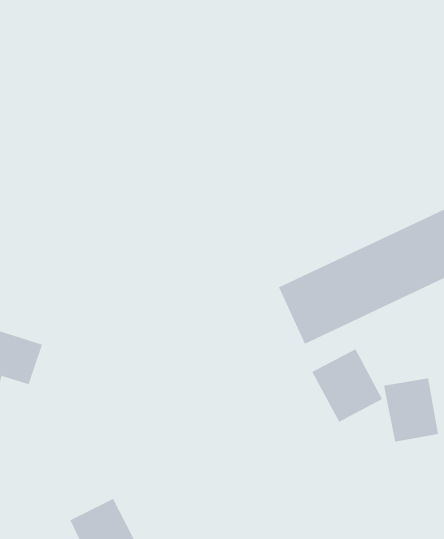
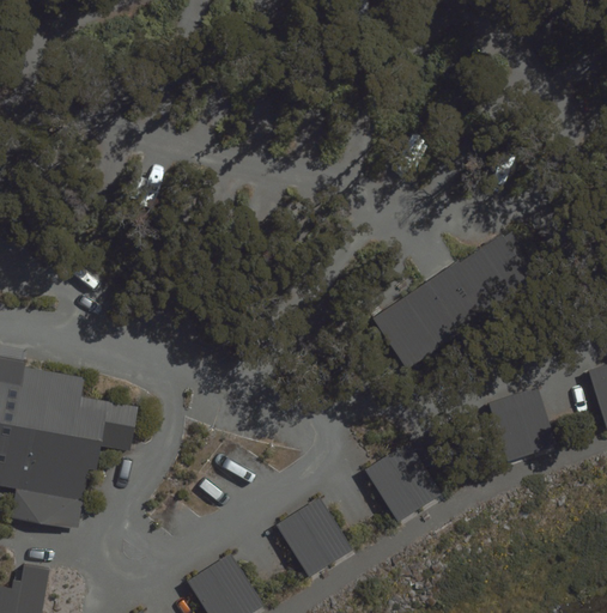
building: [311,349,383,422] -> [365,444,442,522]
building: none -> [275,497,351,575]

